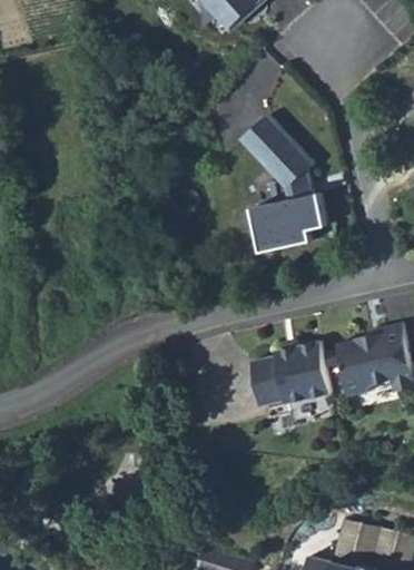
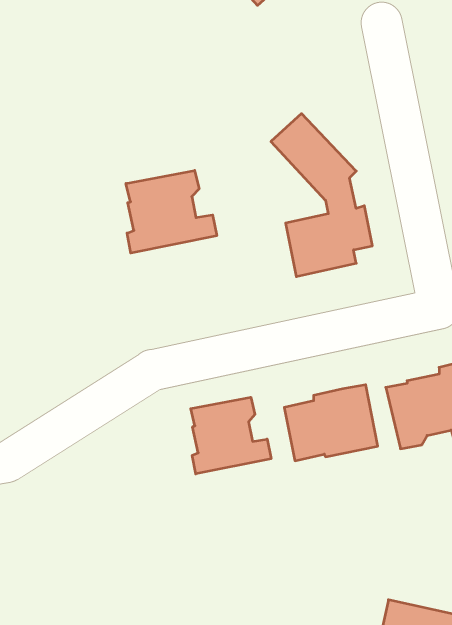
building: none -> [126,170,217,253]
building: none -> [191,397,271,474]

